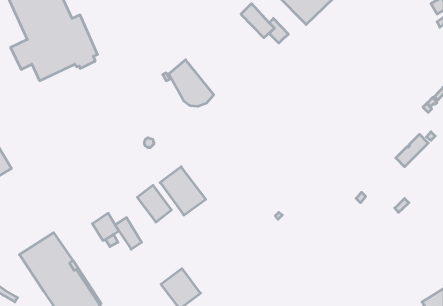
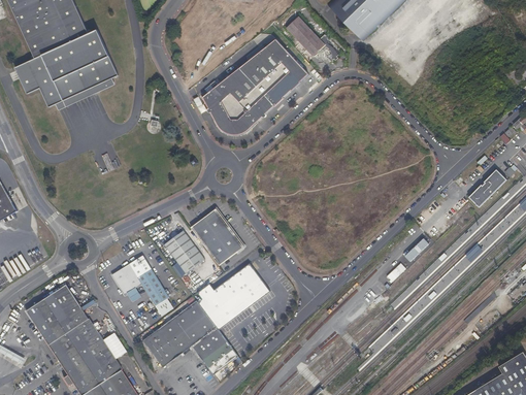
building: none -> [221,38,308,123]
building: none -> [203,261,268,319]
building: none -> [142,299,217,366]

